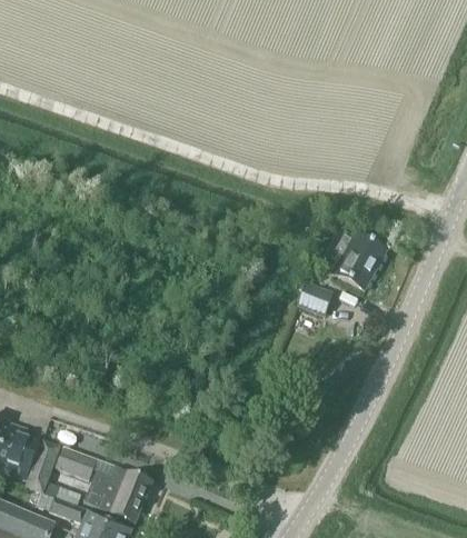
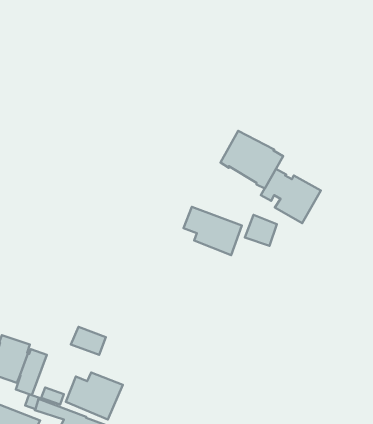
building: none -> [221,131,283,189]
building: none -> [184,207,242,255]
building: [56,447,97,480] -> [71,327,106,355]

